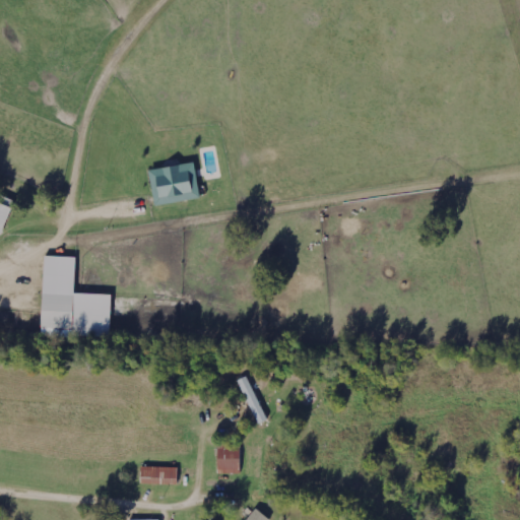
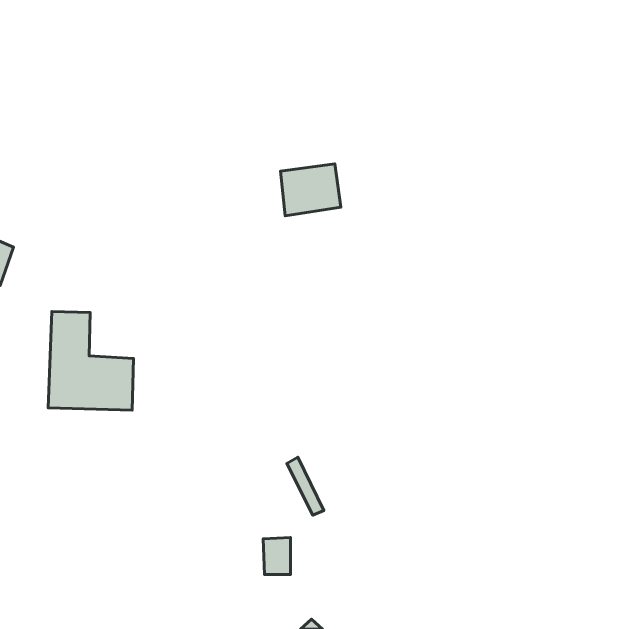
building: [148,162,198,205] -> [280,164,341,216]
building: [140,466,176,484] -> none

